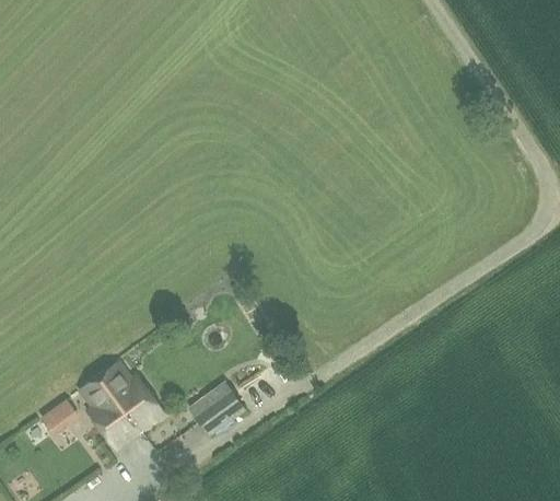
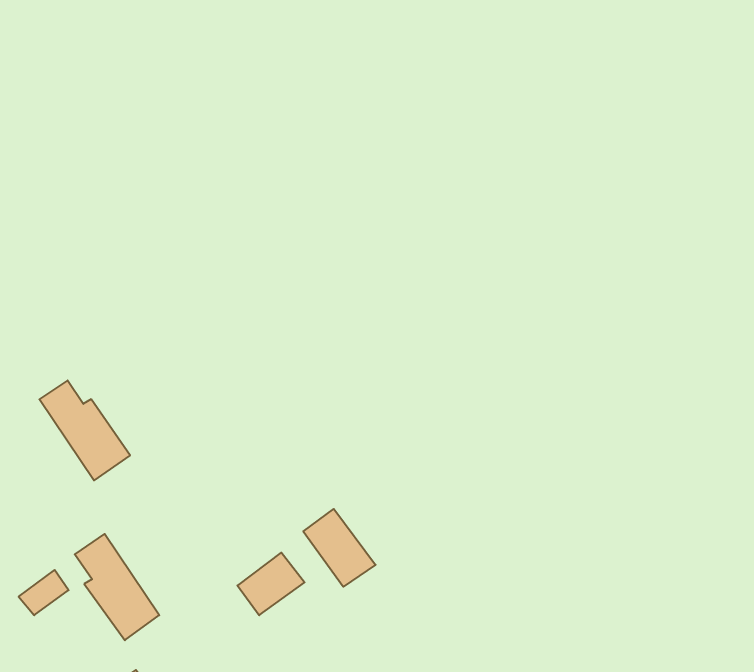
building: none -> [303,509,376,587]
building: [101,362,164,432] -> [39,380,130,480]

